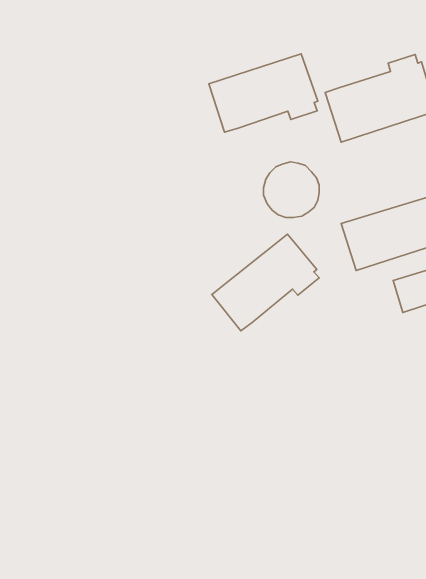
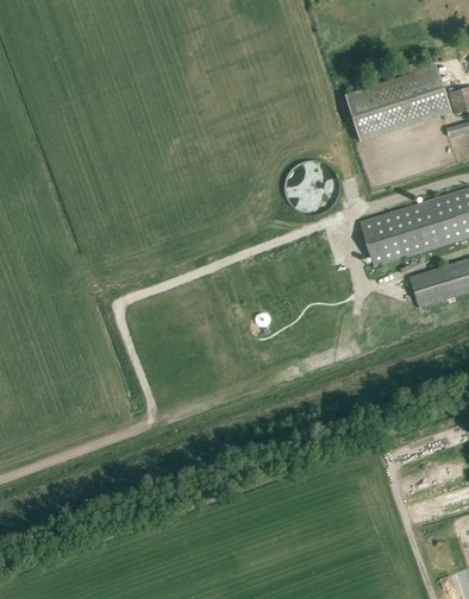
building: [209,54,318,132] -> none
building: [212,234,319,331] -> none

